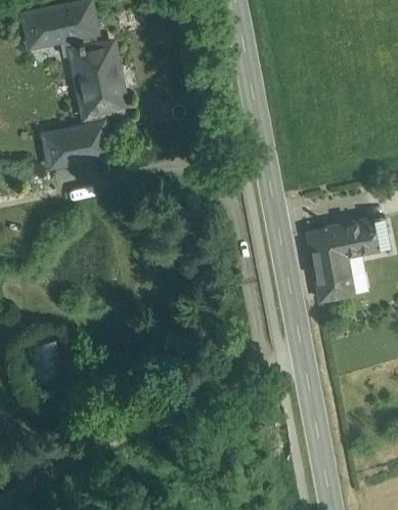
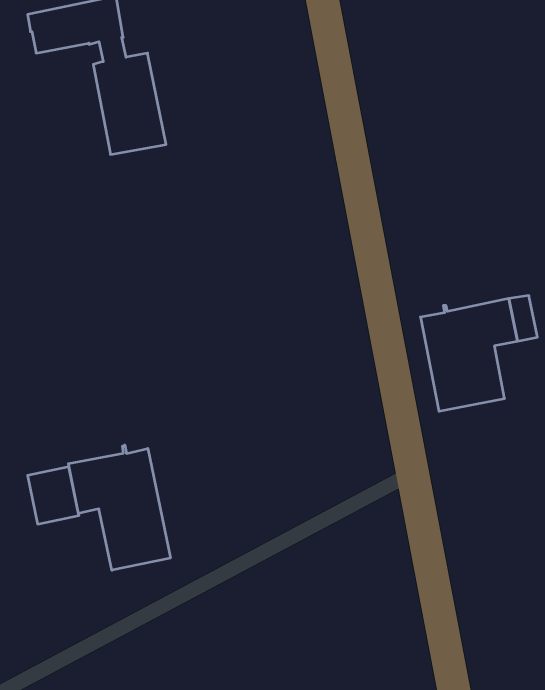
building: [44,124,106,165] -> none
building: none -> [68,445,170,570]

